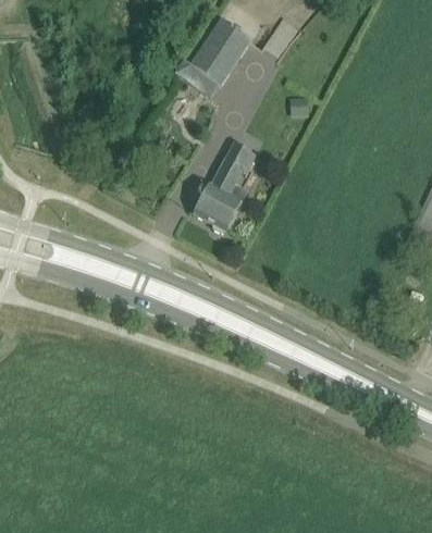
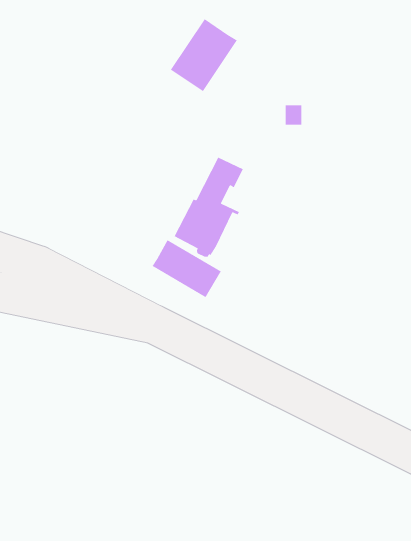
building: none -> [151,239,222,298]

